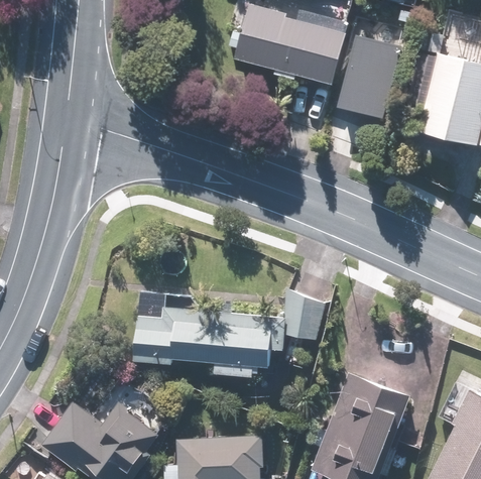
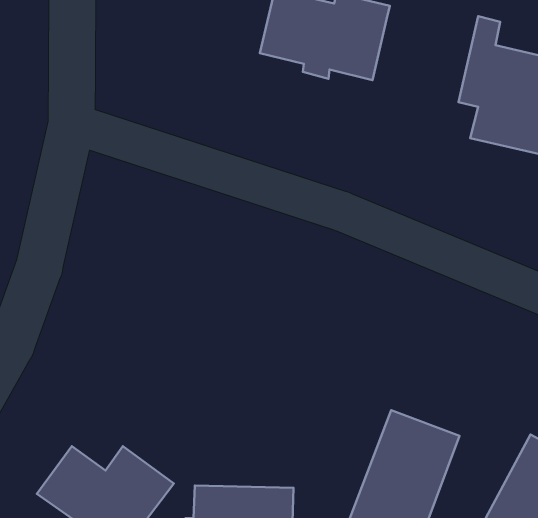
building: [327,32,399,122] -> none
building: [133,291,328,378] -> none

